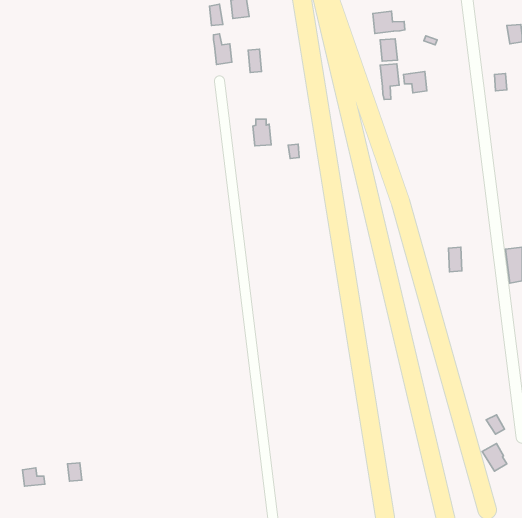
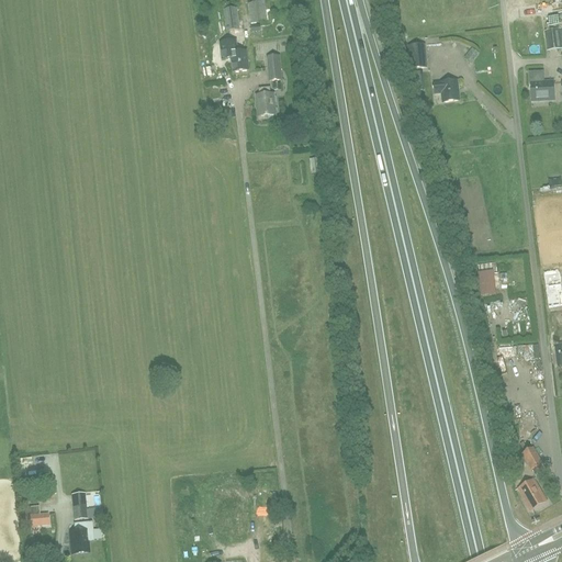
building: [373,11,405,33] -> none
building: [380,64,399,100] -> none
building: [253,119,271,146] -> [256,85,276,113]
building: none -> [70,520,89,551]

